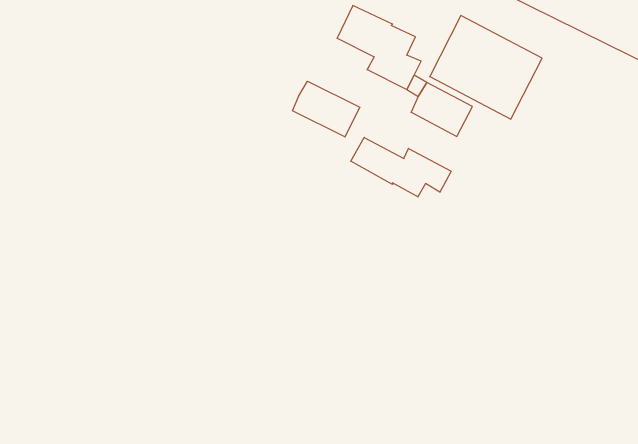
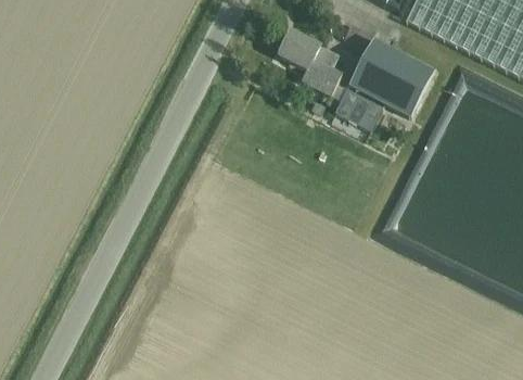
building: [293,81,360,137] -> none
building: [351,137,451,197] -> none

